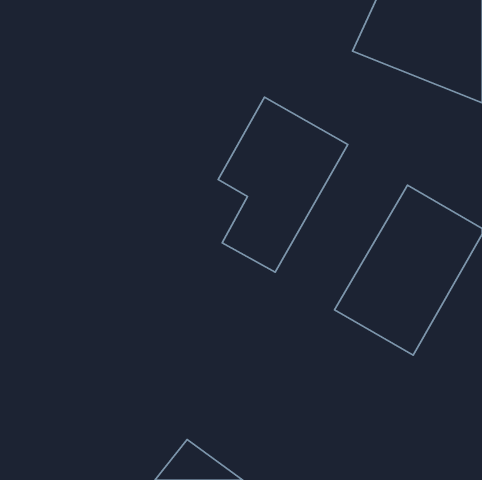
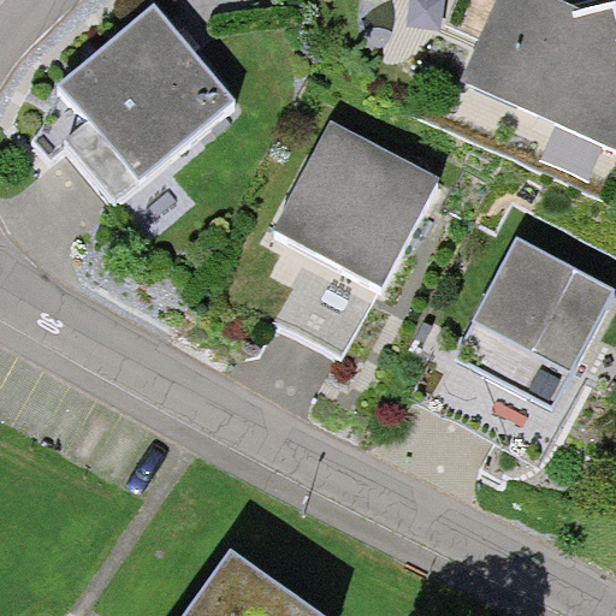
building: none -> [55,6,230,192]

